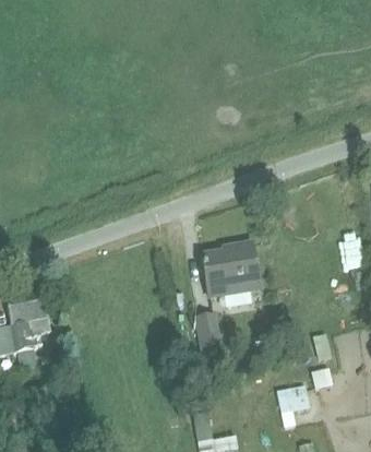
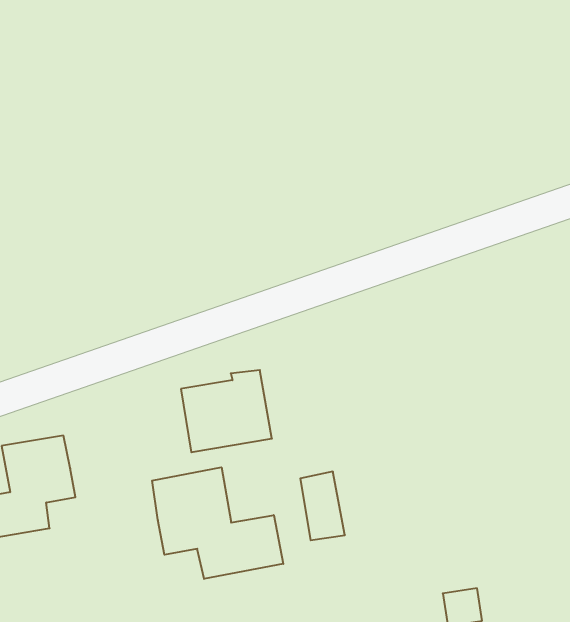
building: [202,243,260,296] -> [181,370,272,452]
building: none -> [152,467,283,579]

